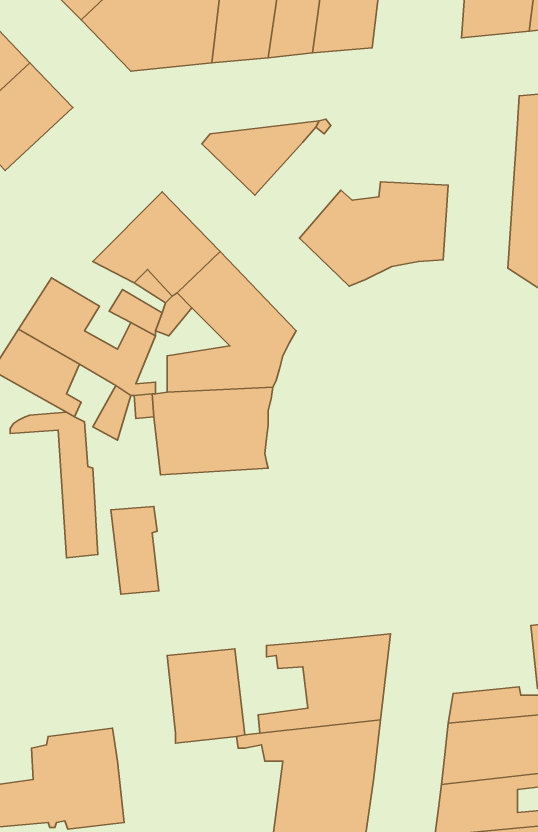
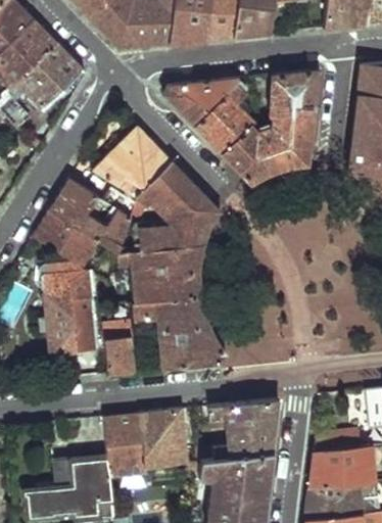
building: none -> [268,70,317,121]
building: none -> [194,94,251,153]
building: none -> [42,272,78,352]
building: none -> [136,295,225,368]
building: none -> [102,411,145,476]

